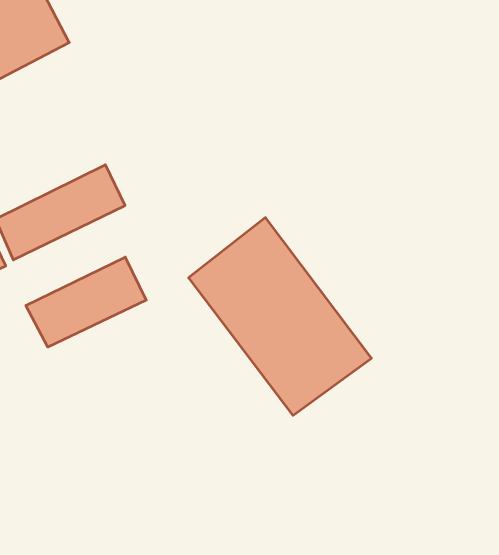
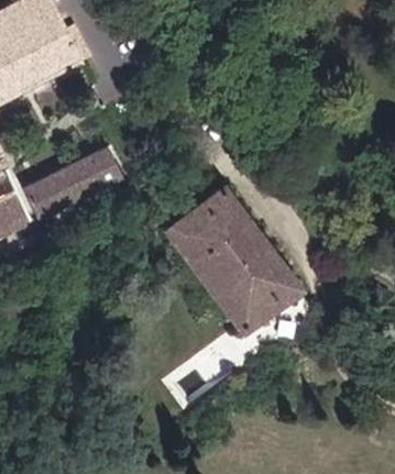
building: [26,257,146,347] -> none

